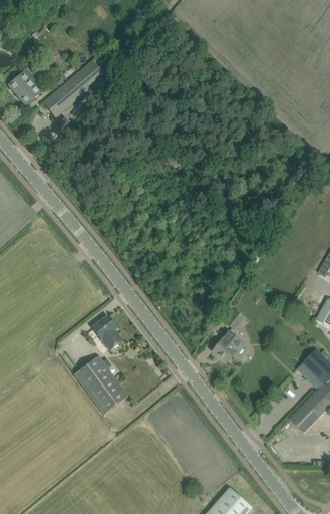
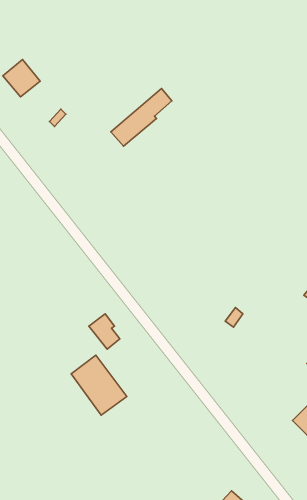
building: [42,60,101,116] -> [111,88,172,146]
building: [211,331,246,362] -> none

